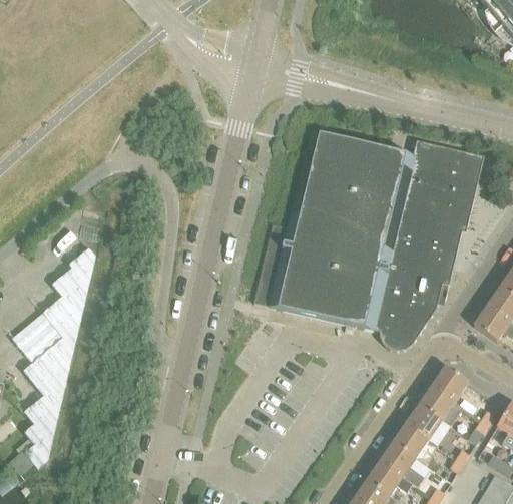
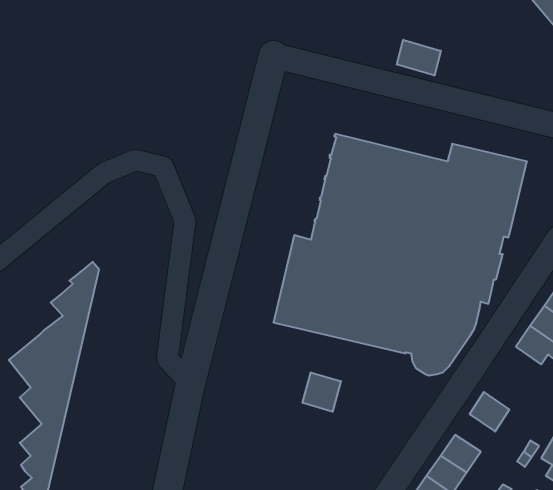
building: none -> [397,40,441,76]
building: none -> [303,372,341,412]
building: [420,385,465,419] -> none

